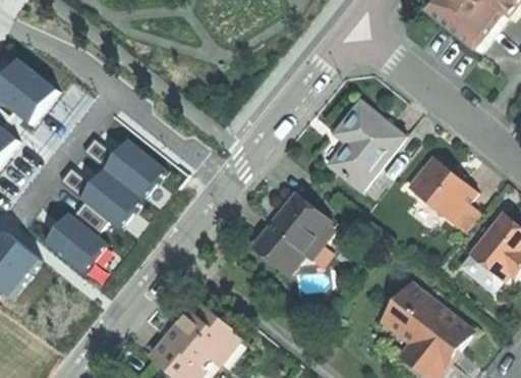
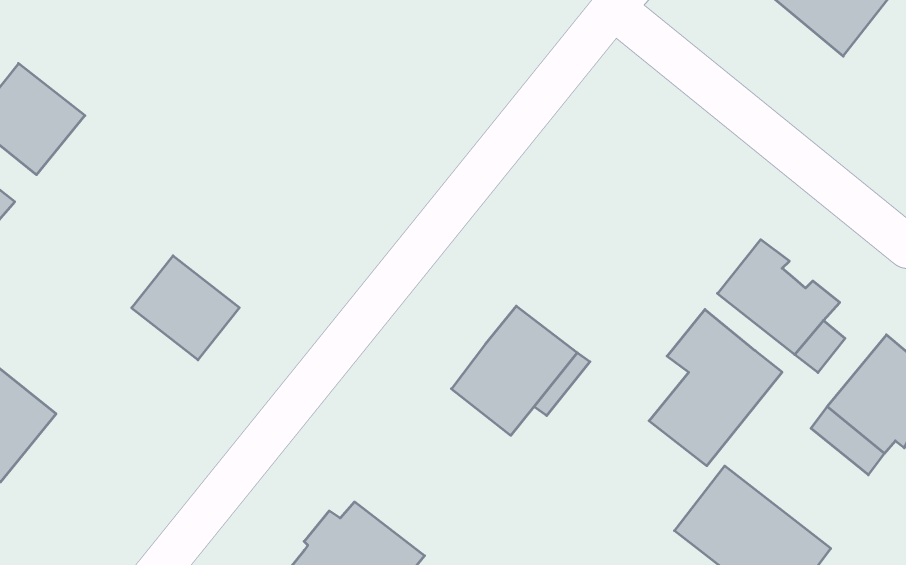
building: [329,102,404,191] -> [649,309,782,466]
building: [100,137,161,196] -> none
building: [42,211,103,270] -> none

